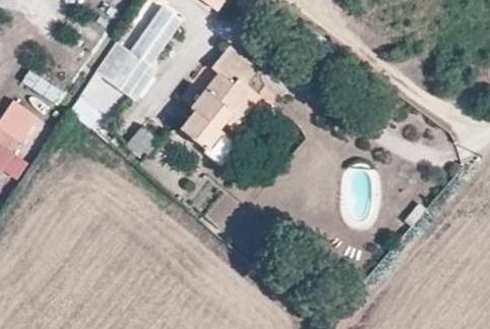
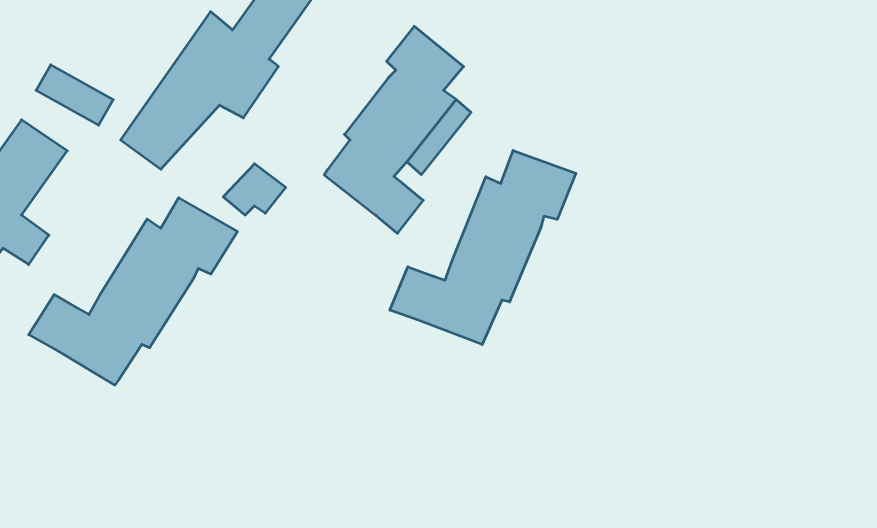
building: none -> [390,150,576,345]
building: none -> [29,198,237,385]

